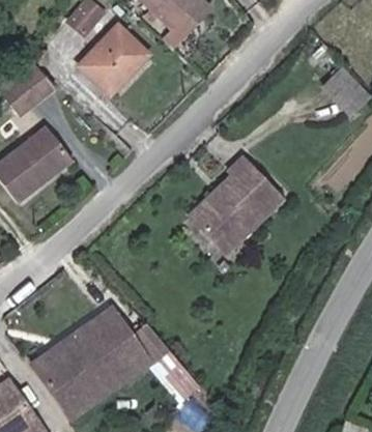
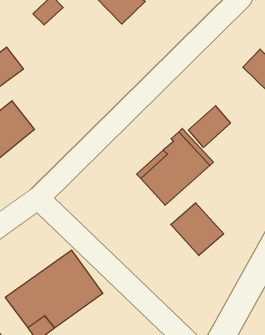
building: [77,23,149,94] -> none
building: none -> [189,106,230,147]
building: none -> [171,203,224,256]

